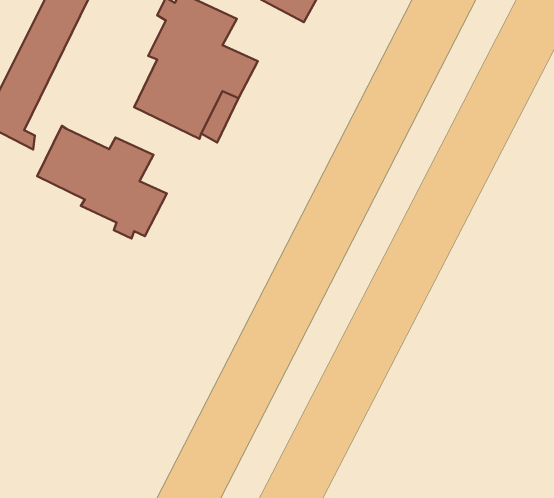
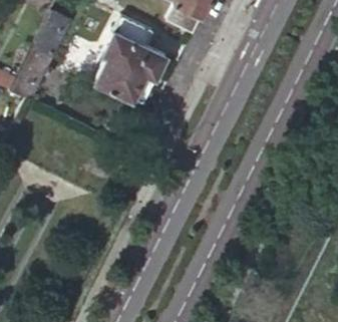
building: [37,126,167,239] -> none

